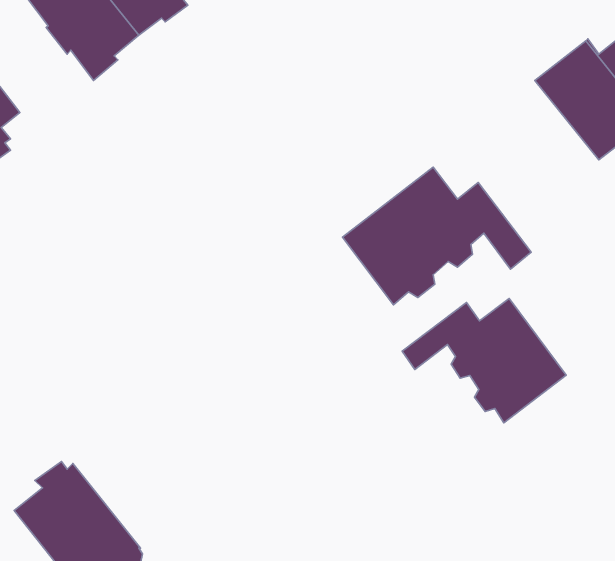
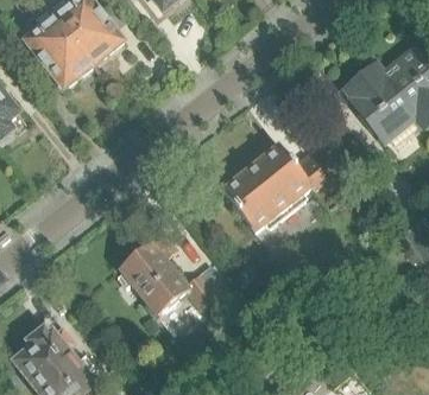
building: [402,298,566,423] -> none
building: none -> [121,237,229,314]

